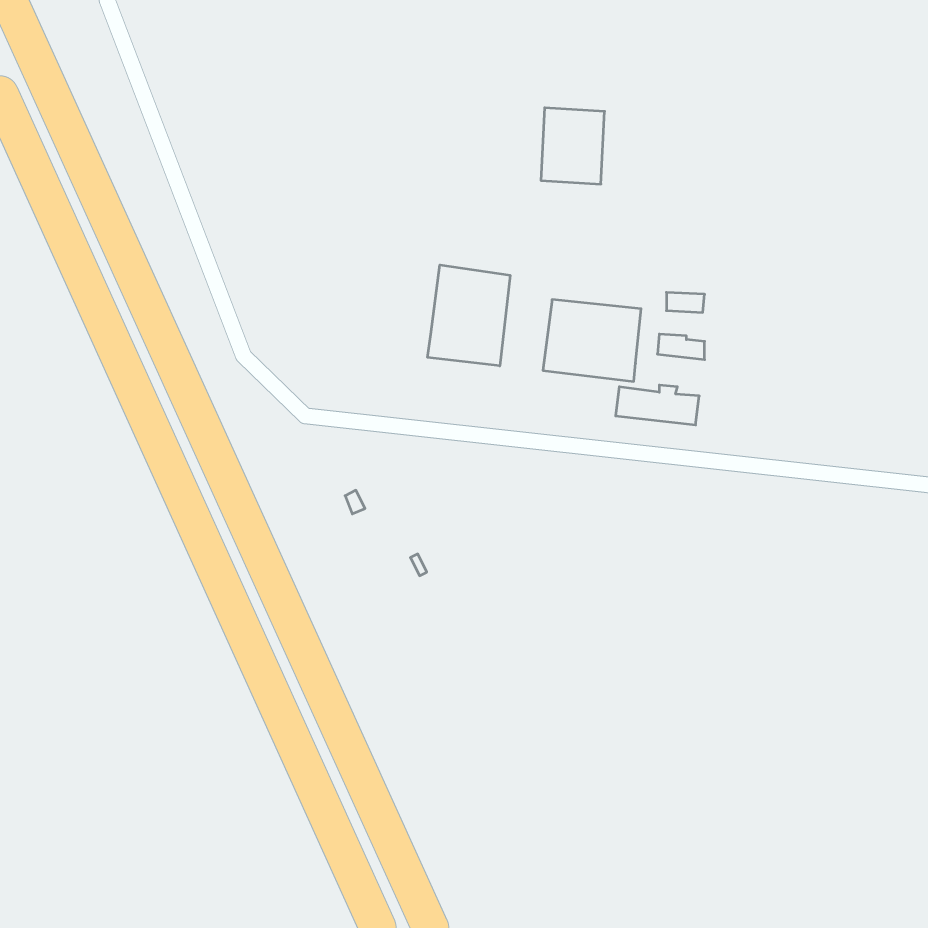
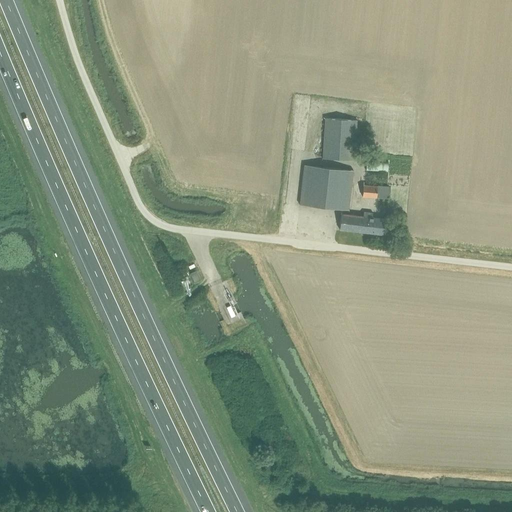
building: [541,108,605,184] -> [322,118,357,160]
building: [428,265,510,366] -> none

